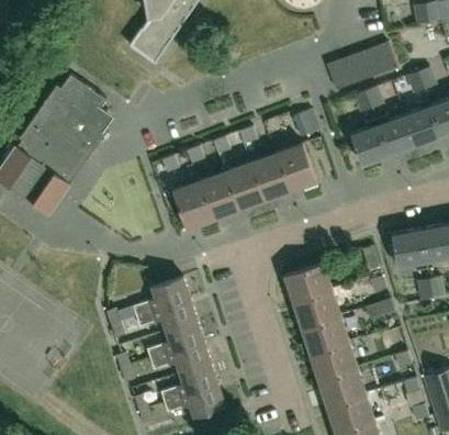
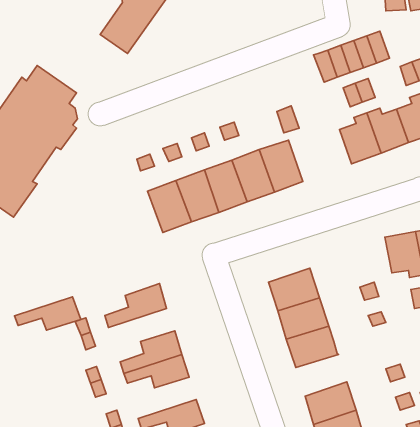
building: [136,300,198,331] -> [15,297,81,330]
building: [310,343,357,381] -> none
building: [160,364,217,402] -> none

